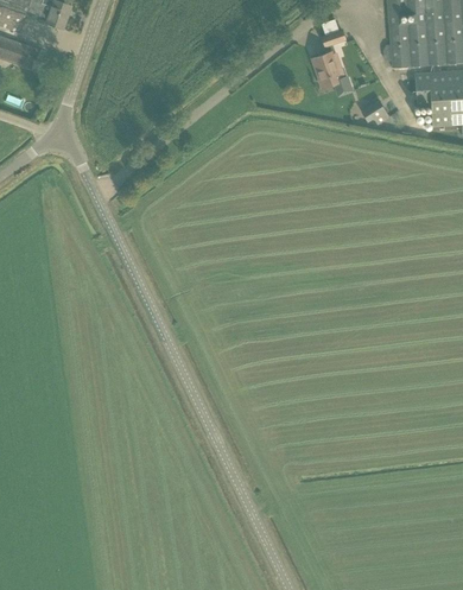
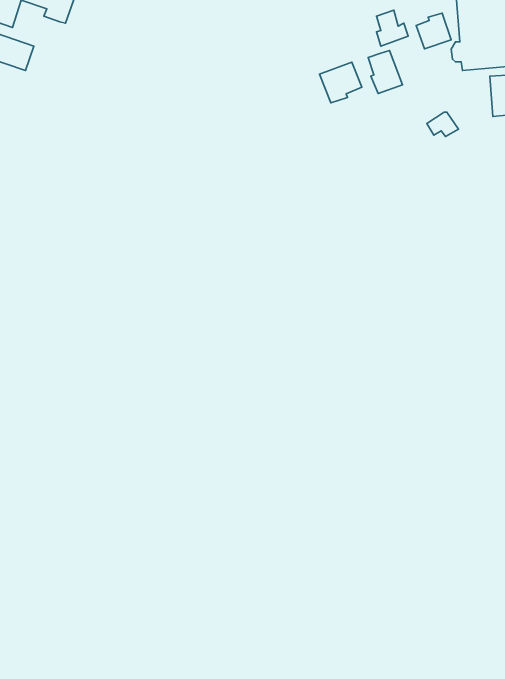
building: none -> [416,13,451,49]
building: none -> [319,62,362,103]

